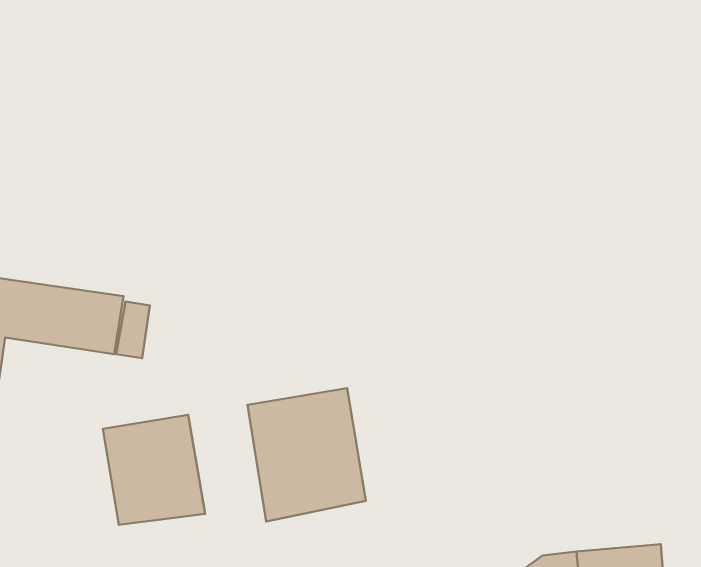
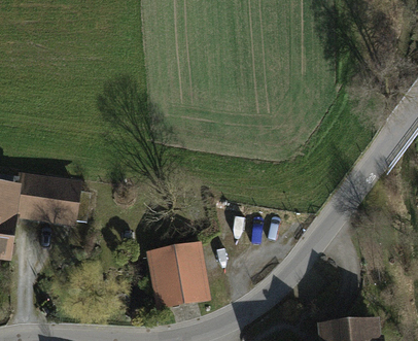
building: [103,415,205,525] -> none

